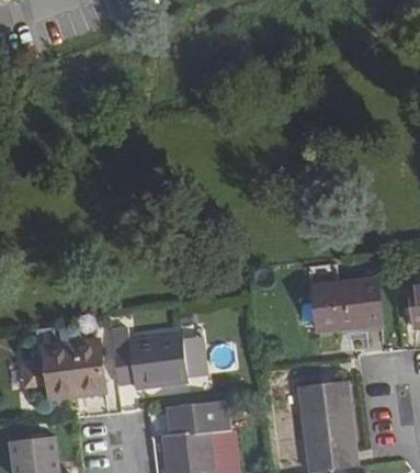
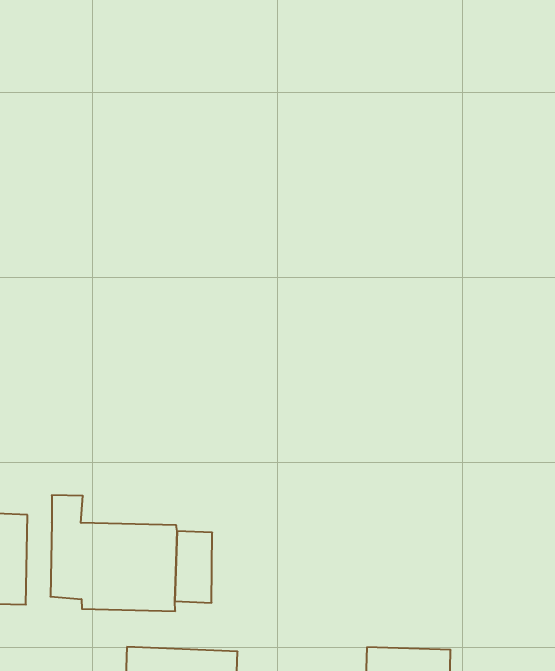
building: [313,279,381,333] -> none

